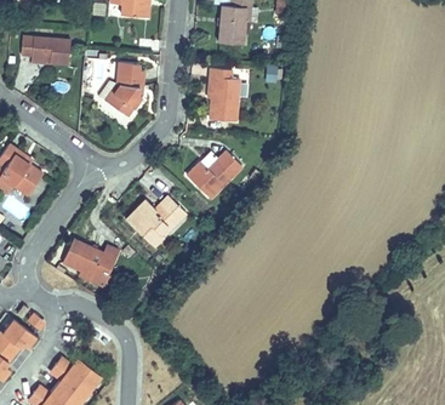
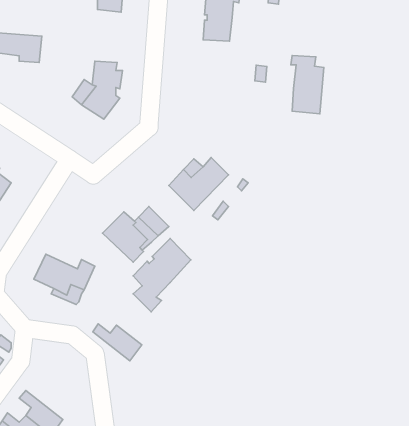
building: [209,69,239,122] -> [291,56,324,114]
building: none -> [133,239,191,312]
building: [56,358,101,392] -> [93,324,142,361]

